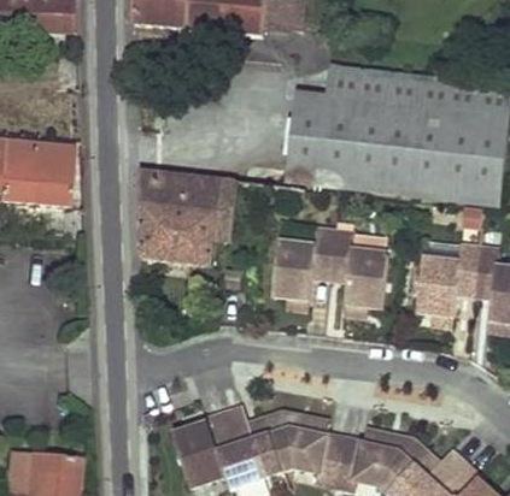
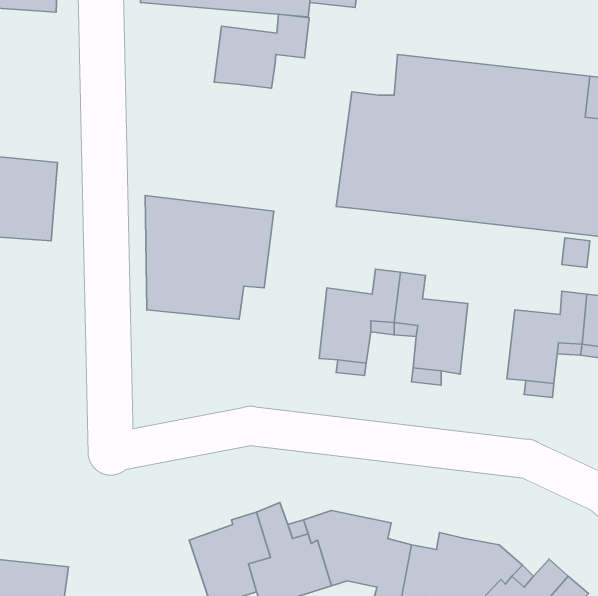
building: none -> [214,14,309,88]

